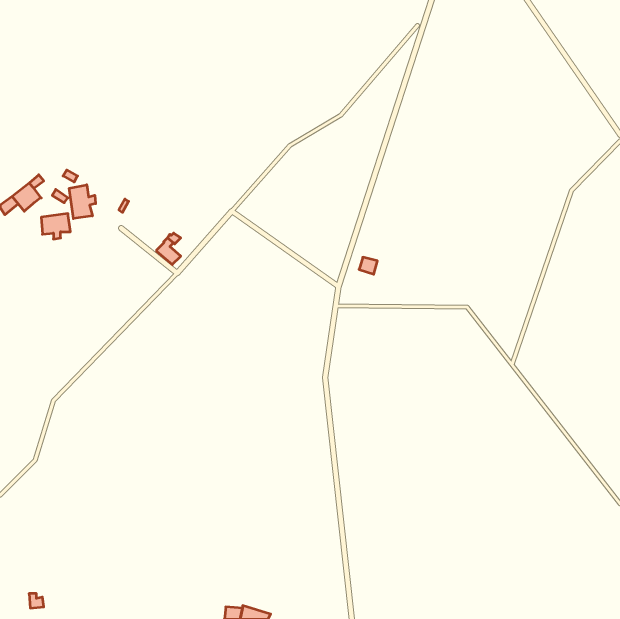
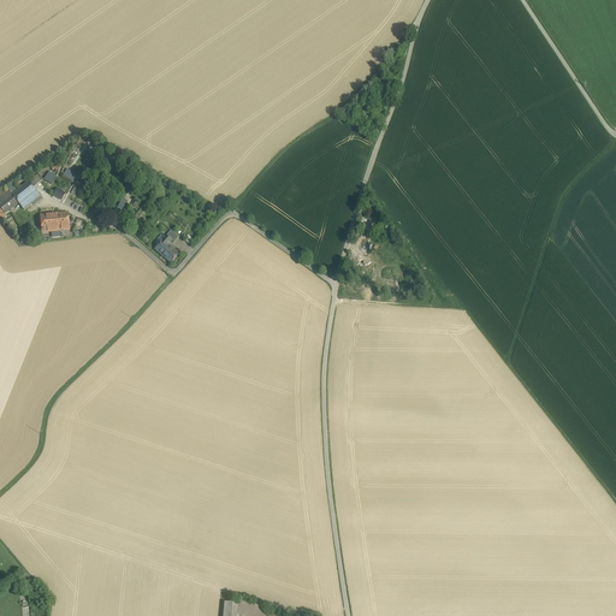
building: [69,185,96,219] -> none

